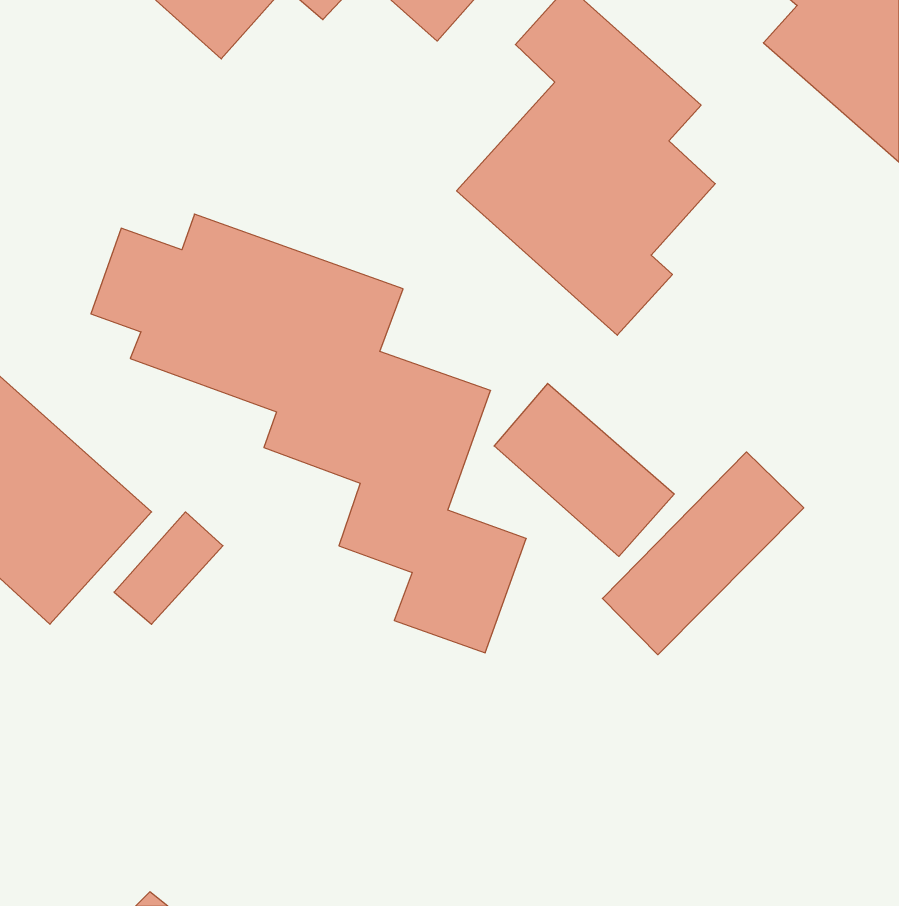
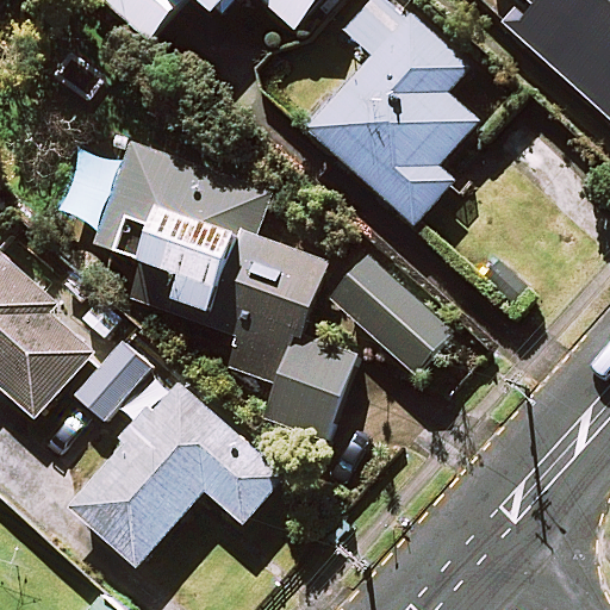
building: [602,452,804,655] -> none
building: none -> [66,381,282,565]

